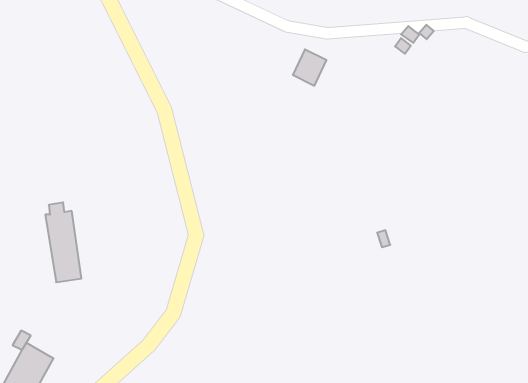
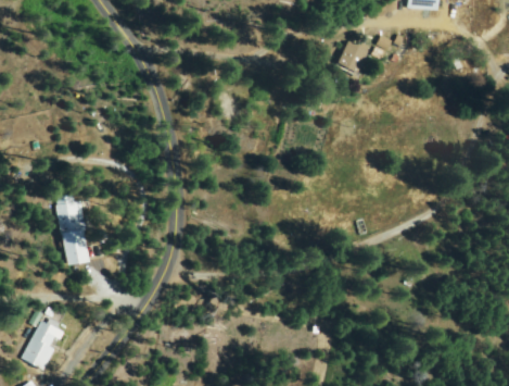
building: [293,49,327,86] -> [339,40,369,73]

